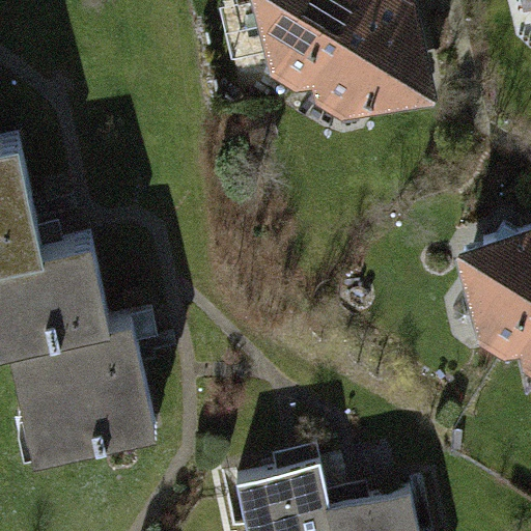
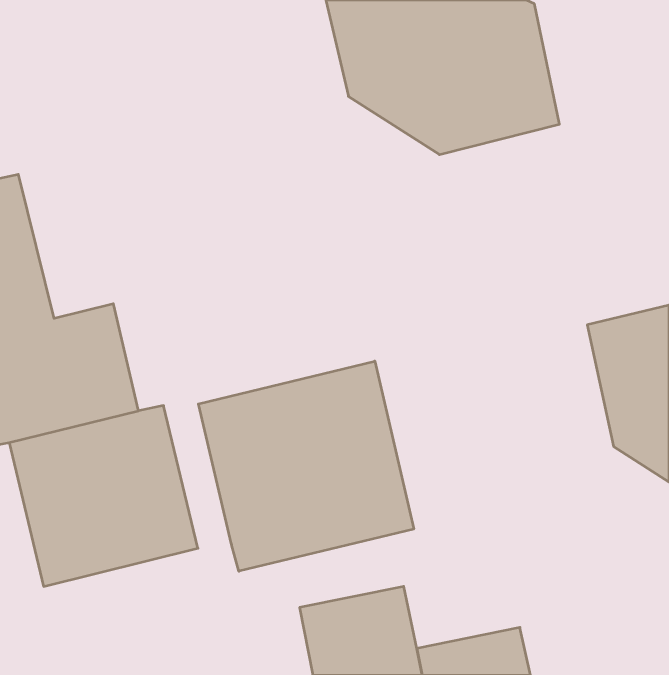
building: none -> [198,361,414,571]

